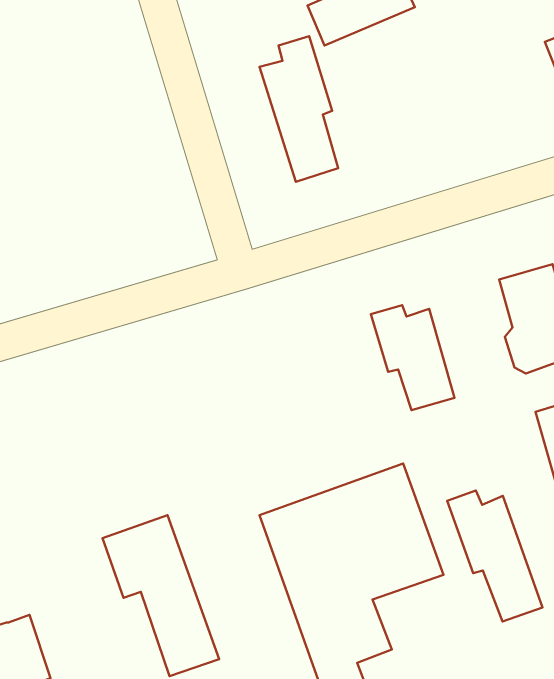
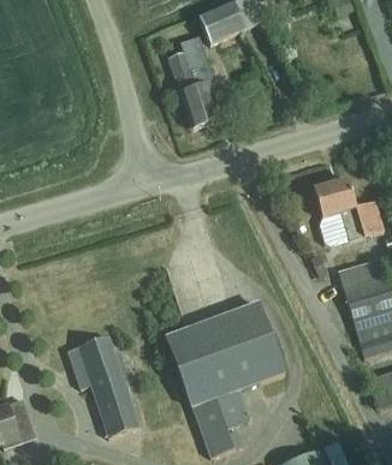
building: [371,305,455,410] -> none
building: [447,491,543,622] -> none

